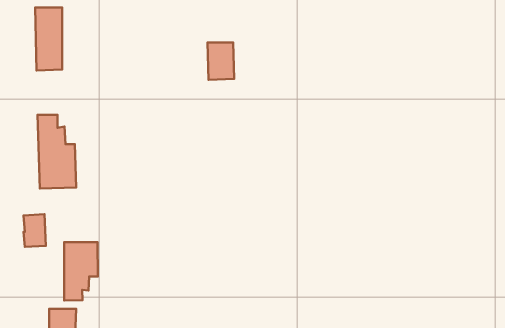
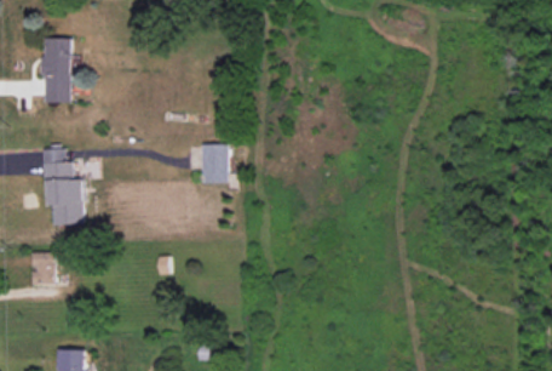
building: [207,42,234,80] -> [200,144,228,183]
building: [64,242,98,301] -> none

